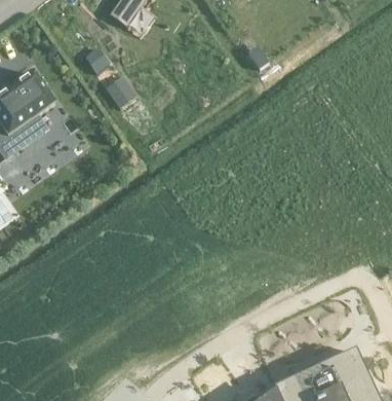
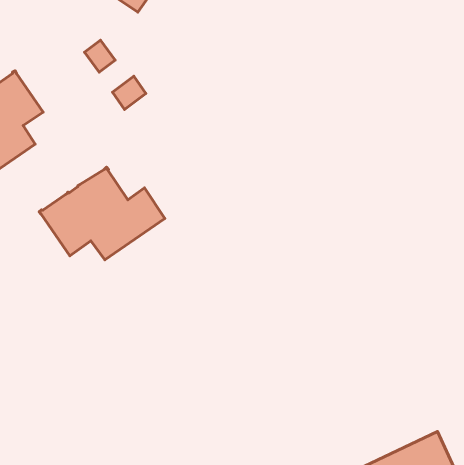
building: none -> [39,167,165,260]

